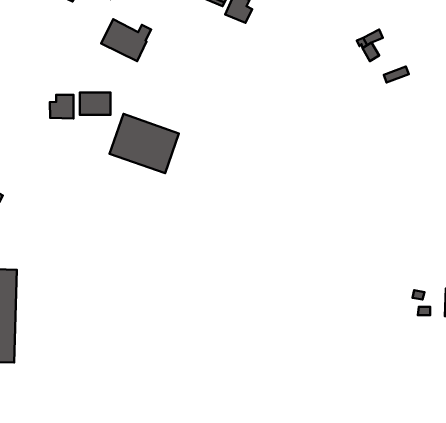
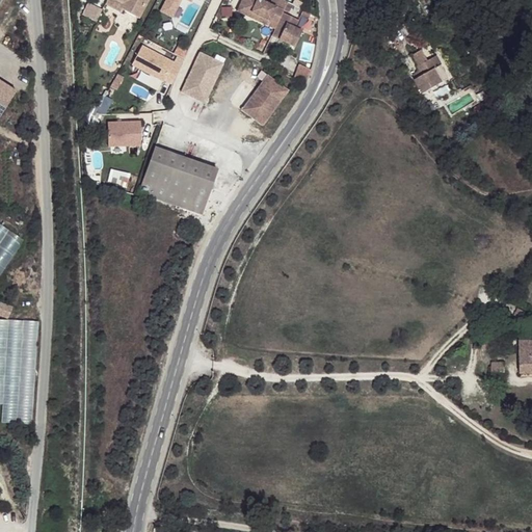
building: none -> [180,51,221,102]
building: none -> [242,73,289,124]
building: [50,95,73,118] -> none

